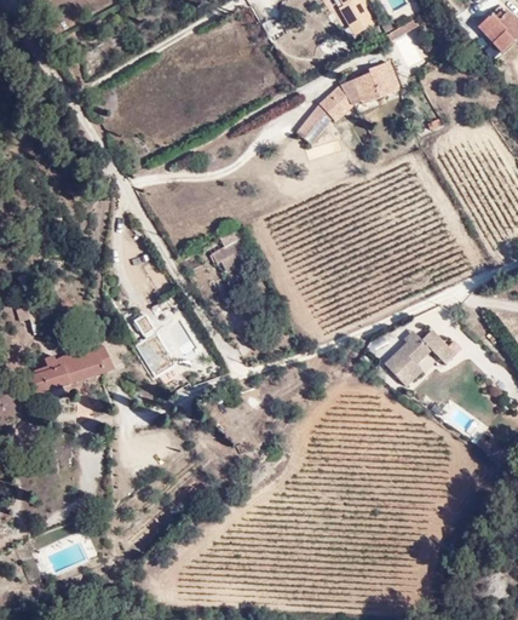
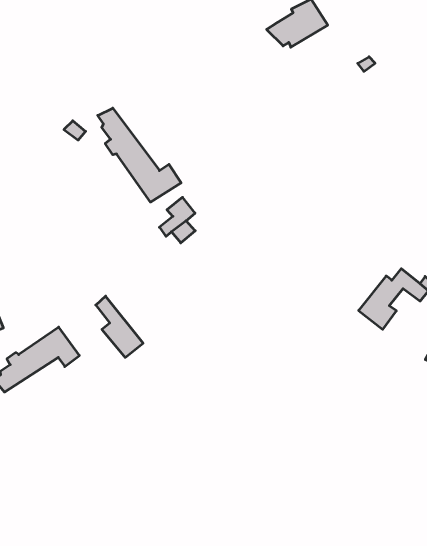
building: [297,84,353,143] -> none
building: none -> [98,108,181,202]

